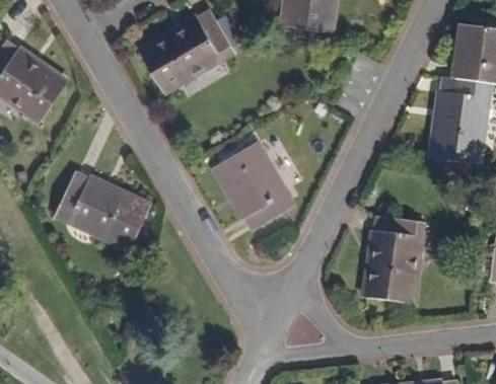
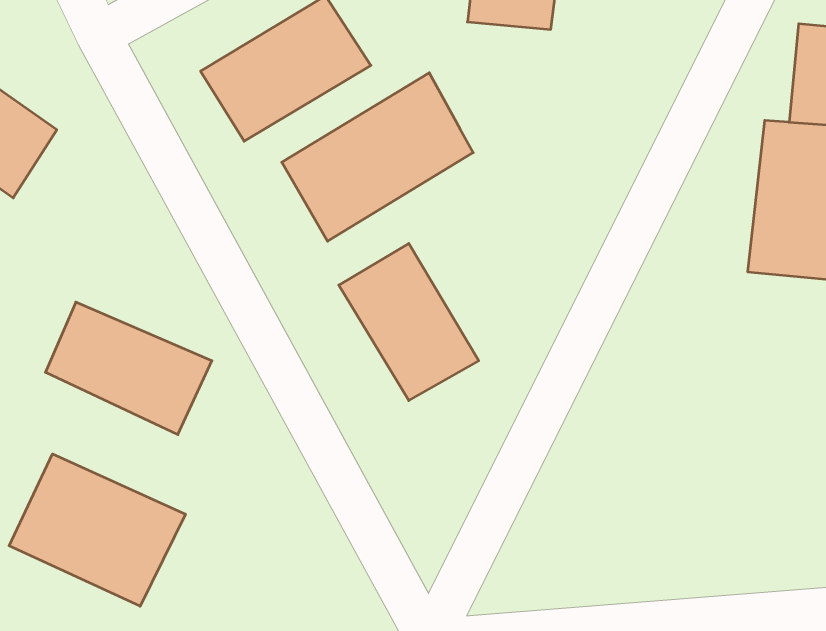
building: none -> [282,73,473,241]
building: [365,216,421,302] -> none
building: none -> [9,454,185,606]

